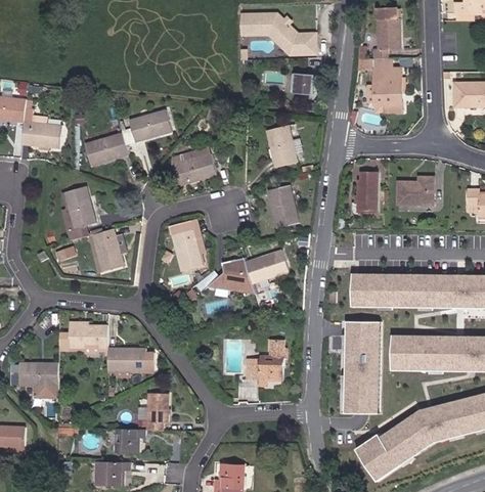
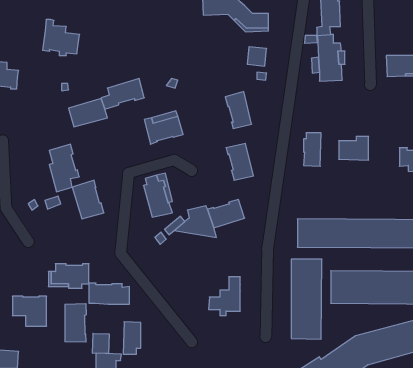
building: [20,108,63,150] -> [43,20,80,56]
building: none -> [65,304,86,342]
building: none -> [93,333,109,354]

